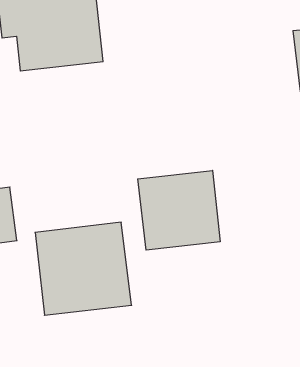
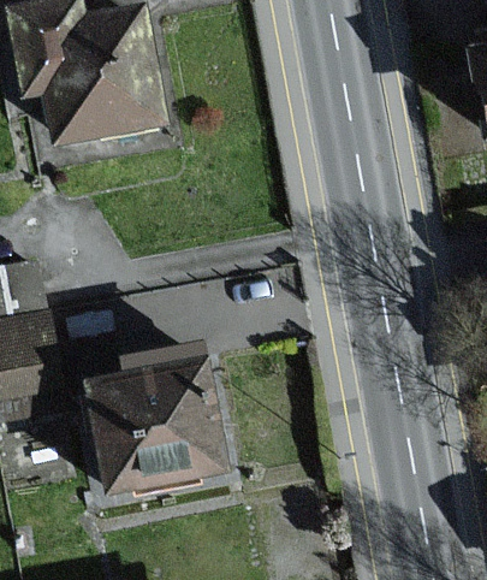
building: [138,170,220,250] -> none

